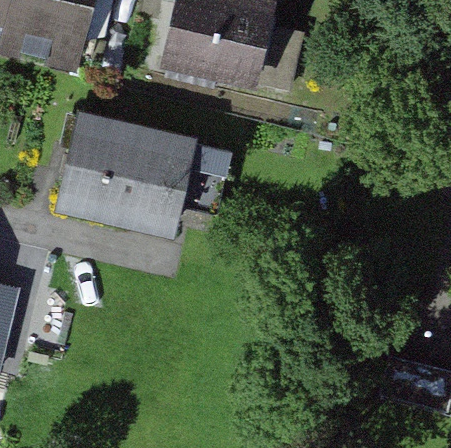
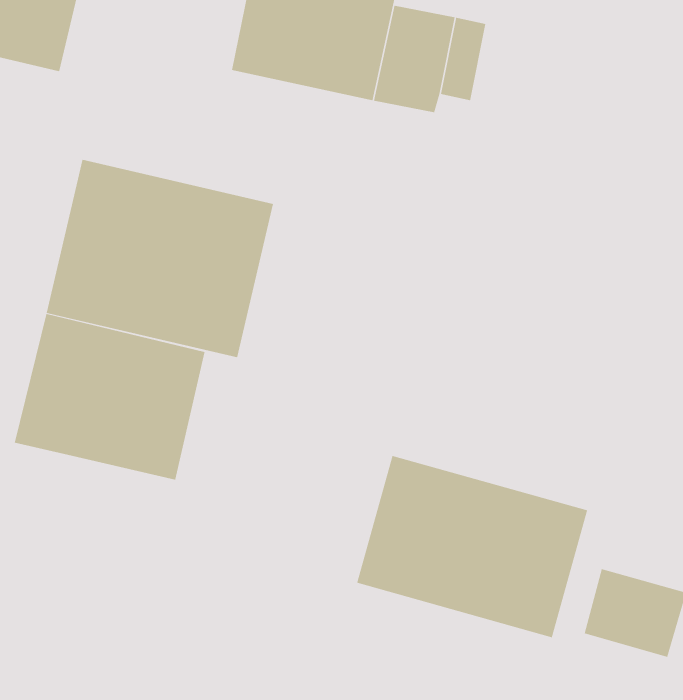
building: none -> [14,313,205,481]
building: none -> [357,455,588,638]

